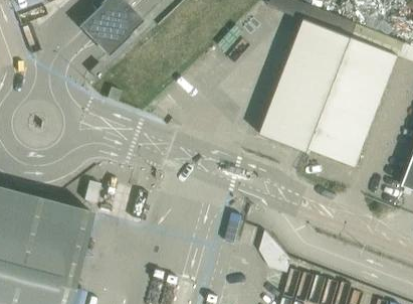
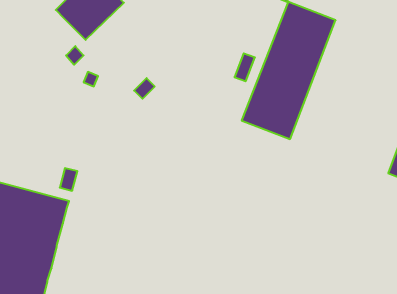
building: [306,35,397,165] -> none

